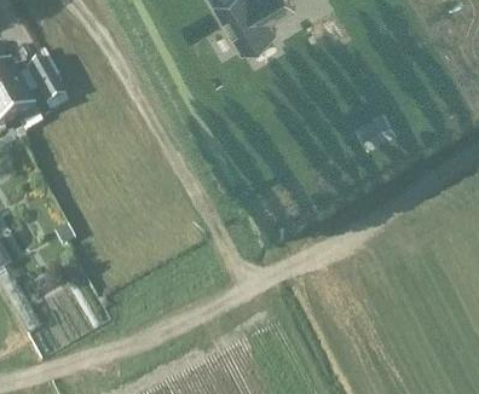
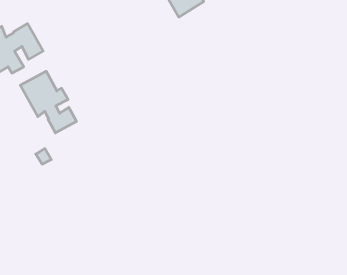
building: none -> [20,71,76,133]

